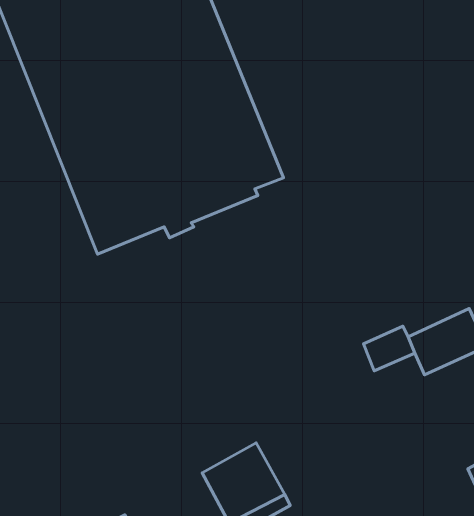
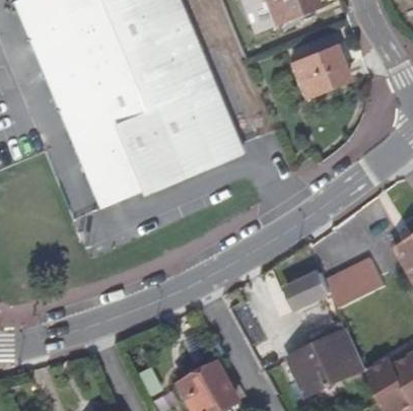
building: none -> [292,39,350,94]
building: none -> [290,323,364,390]

